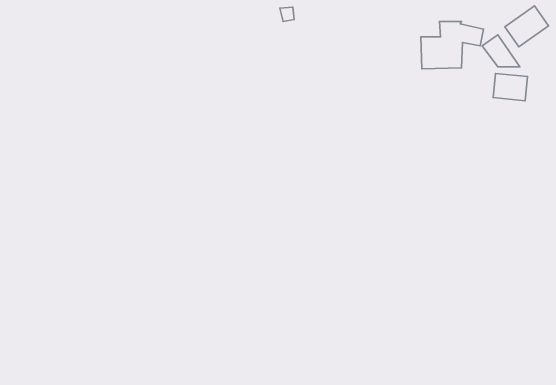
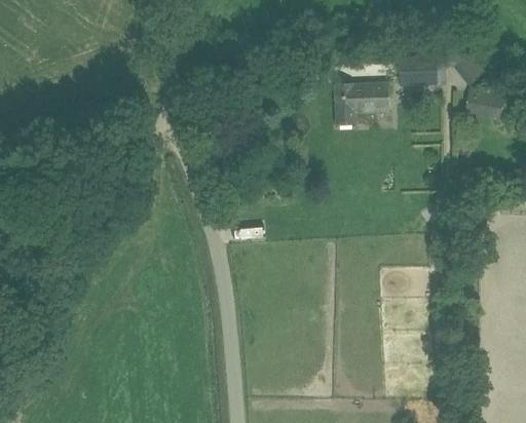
building: [505,6,548,47] -> none
building: none -> [335,82,388,124]

